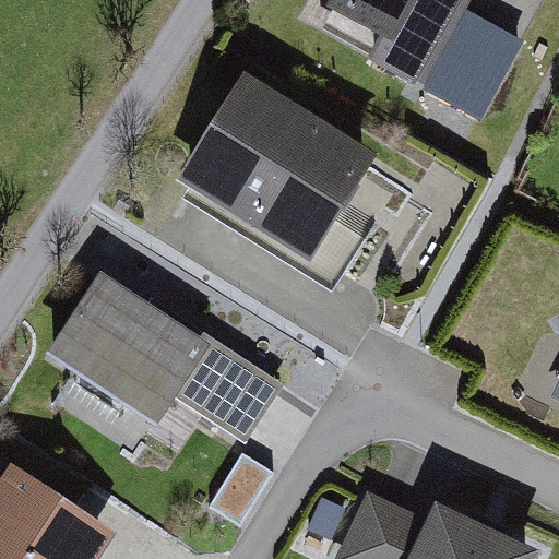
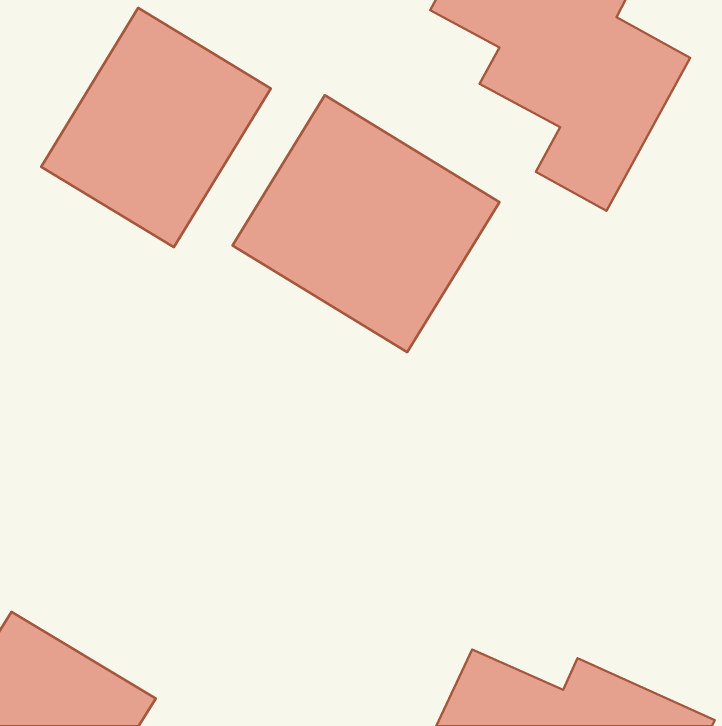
building: none -> [41,8,271,247]
building: [48,274,280,455] -> none

